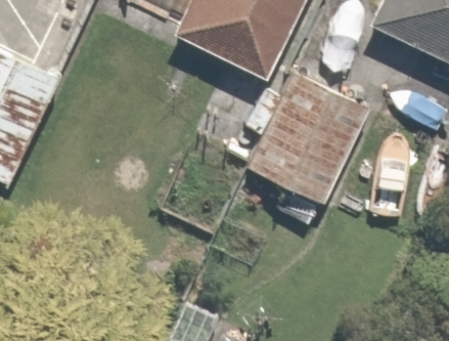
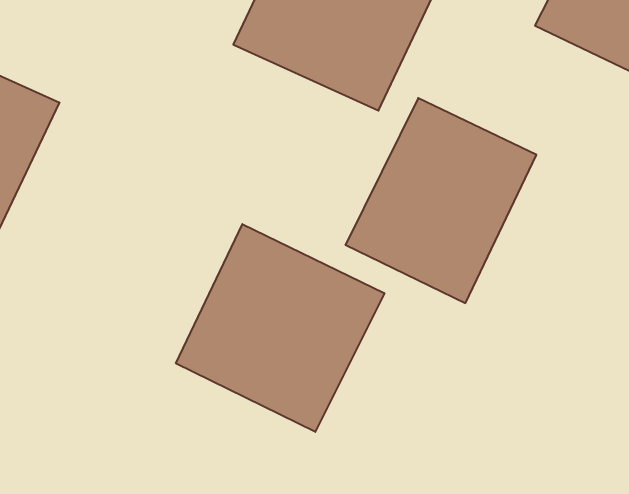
building: none -> [176,224,384,432]

